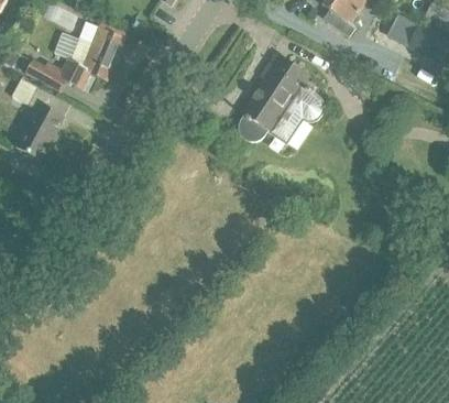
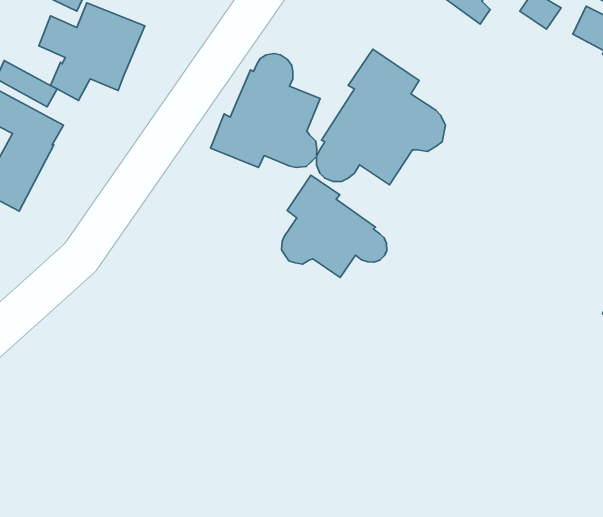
building: none -> [210,53,320,168]
building: none -> [281,175,387,278]

